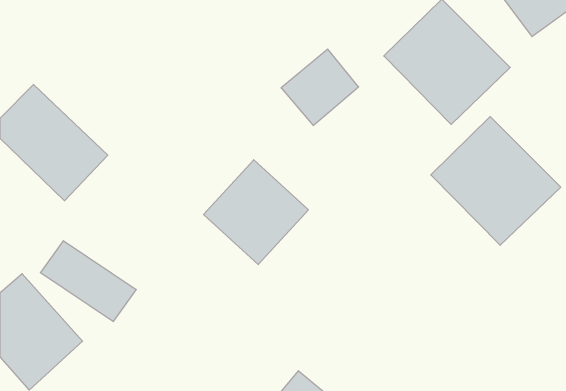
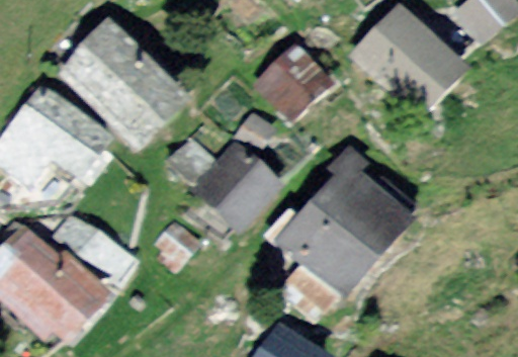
building: none -> [53,29,177,158]
building: [431,117,561,245] -> none
building: none -> [276,178,402,304]

